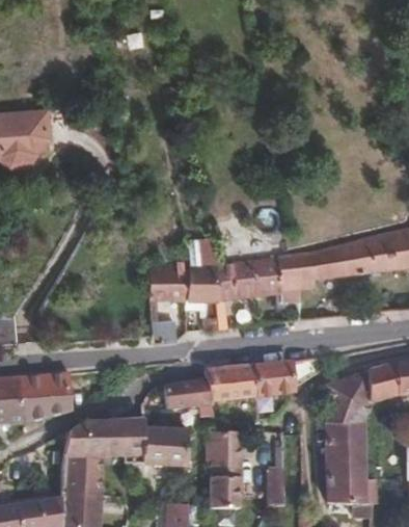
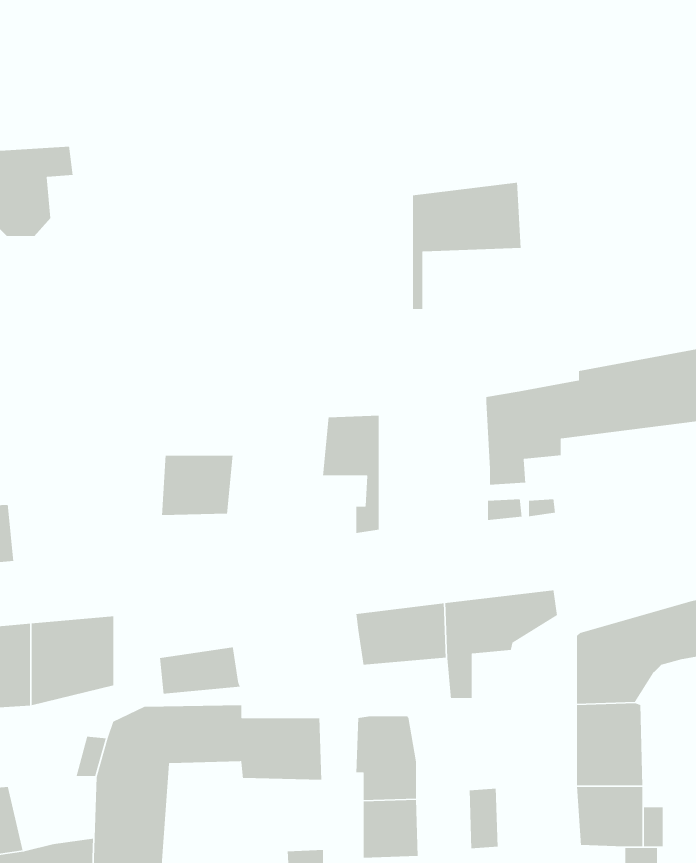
building: [219,254,280,325] -> [412,182,522,310]
building: [149,262,190,296] -> [161,455,234,516]
building: [165,381,211,409] -> [159,646,241,695]

